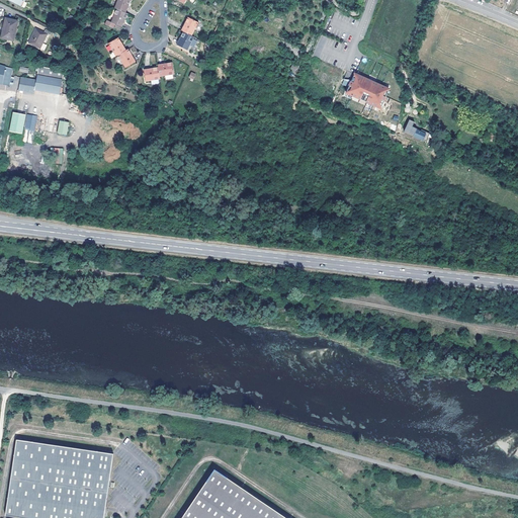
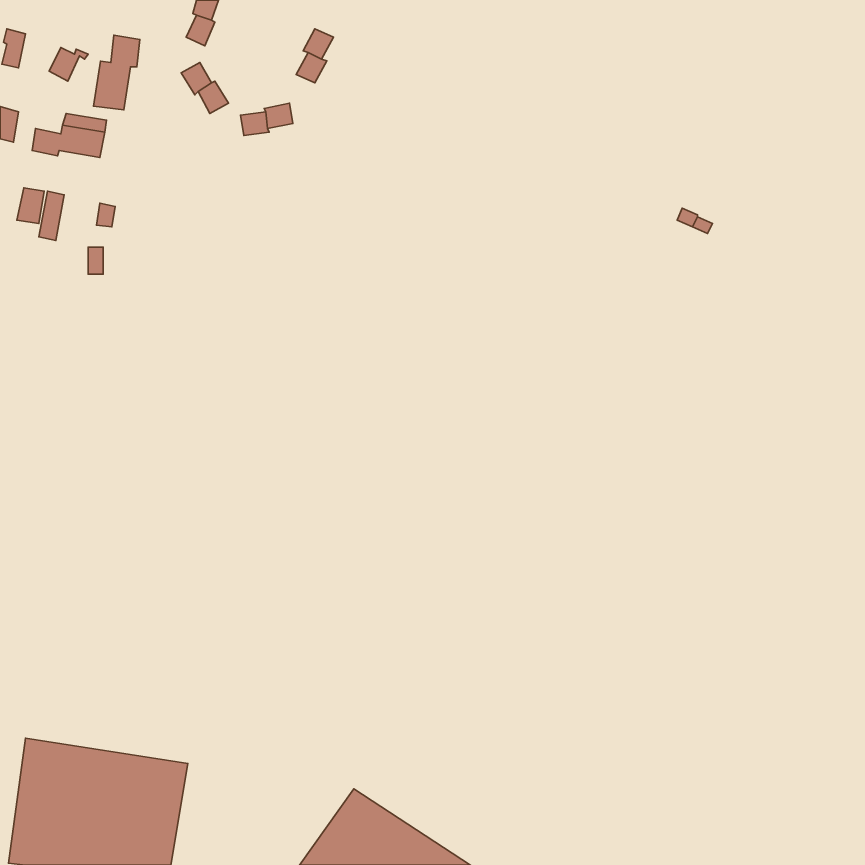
building: none -> [93,35,140,110]
building: [347,74,390,108] -> none

